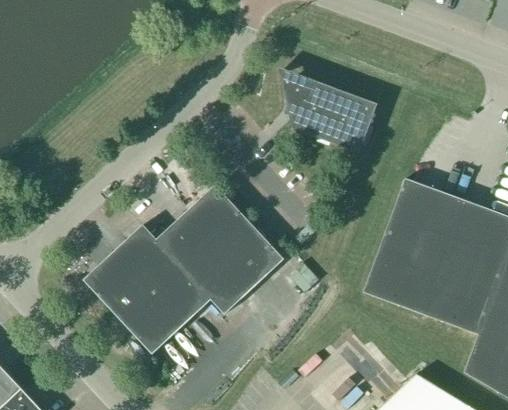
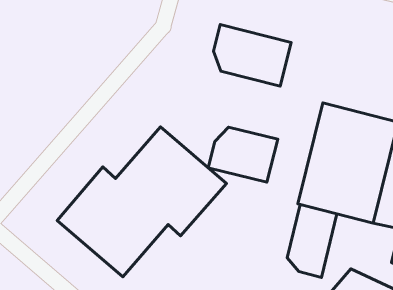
building: none -> [208,127,278,182]
building: none -> [287,205,337,277]

